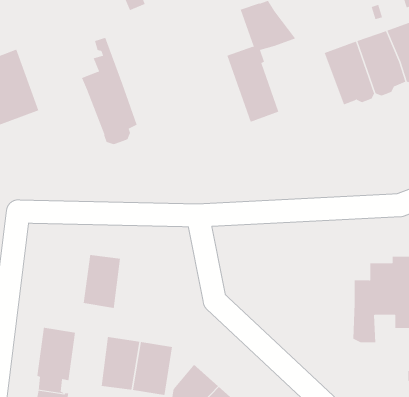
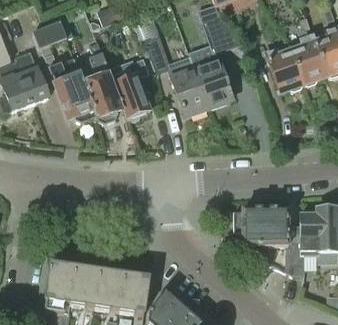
building: none -> [33,20,68,48]
building: none -> [147,35,209,113]
building: none -> [45,51,97,122]
building: none -> [112,68,150,119]
building: [83,255,121,308] -> [71,266,100,307]
building: none -> [235,209,288,263]

